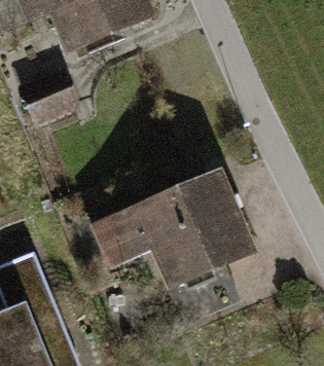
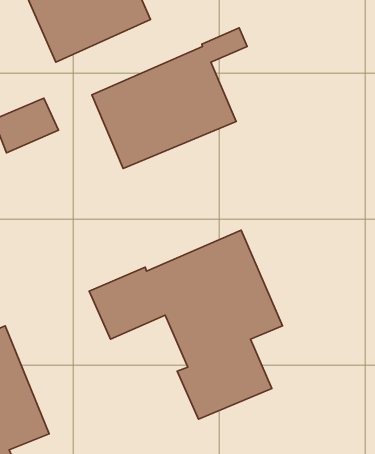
building: none -> [92,28,247,169]

